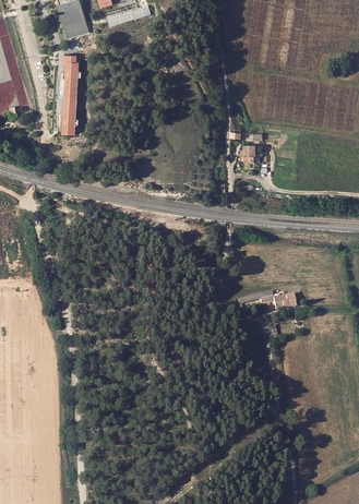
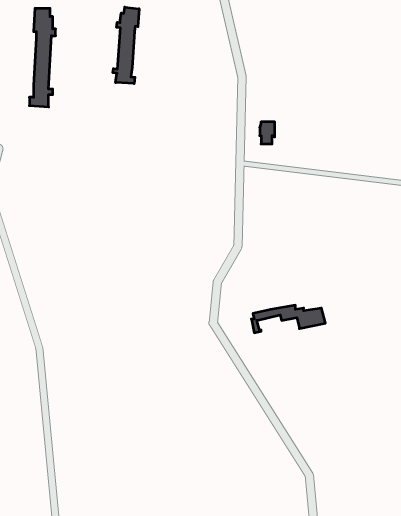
building: none -> [113,7,139,84]

